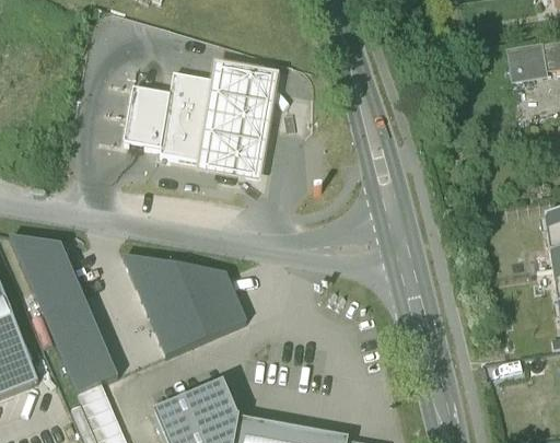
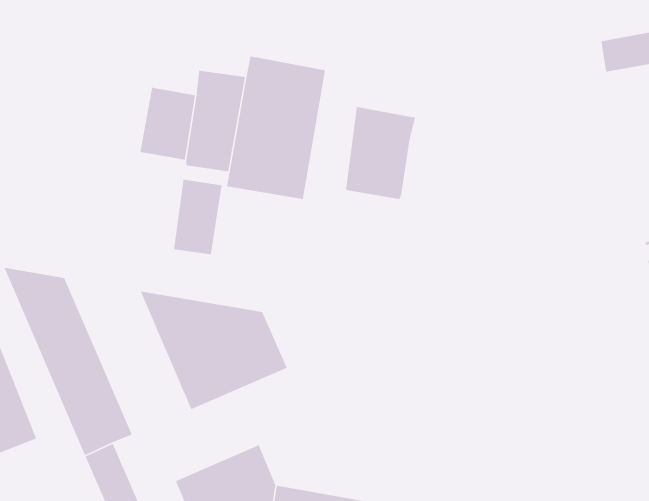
building: none -> [345,106,416,200]
building: none -> [173,179,222,255]

